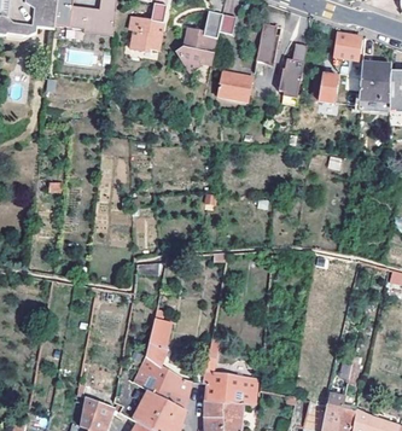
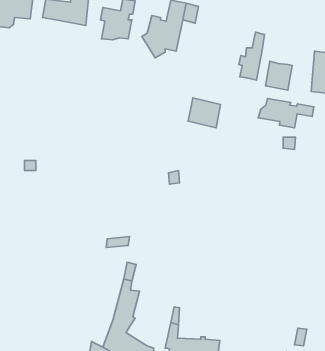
building: [258,23,284,64] -> none
building: [333,31,361,59] -> none
building: [220,71,255,104] -> [188,98,221,128]
building: none -> [258,98,314,128]

